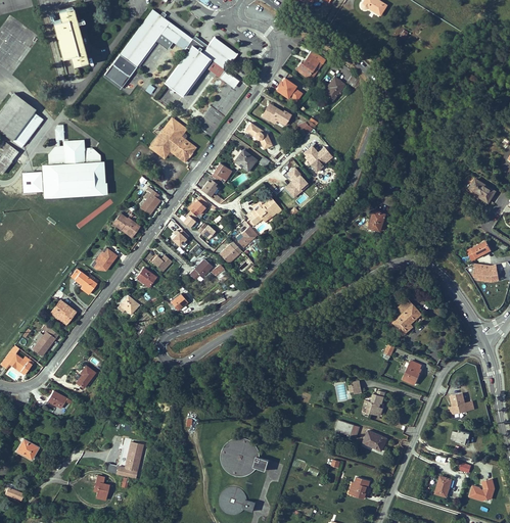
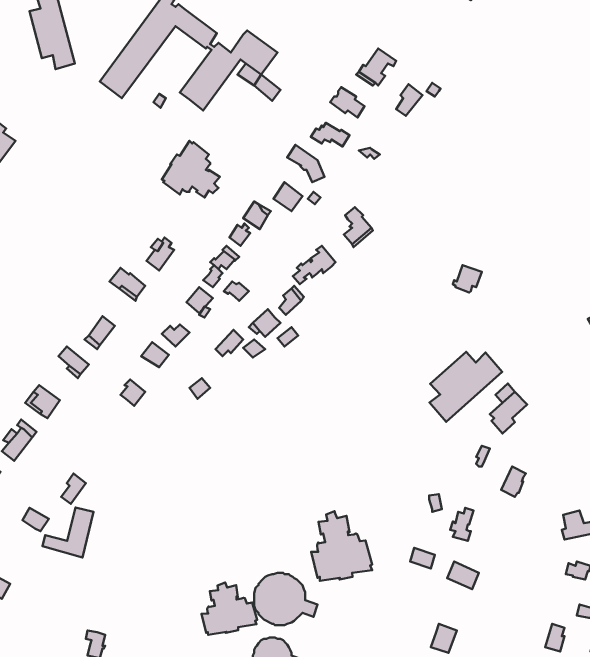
building: [42,125,108,198] -> none
building: [303,146,332,172] -> none
building: none -> [430,352,502,422]
building: none -> [311,511,372,581]
building: [105,442,143,479] -> [42,508,93,557]
building: none -> [202,582,257,635]

